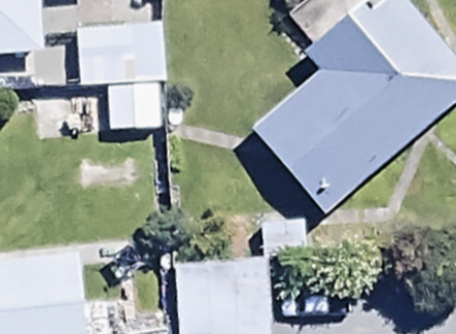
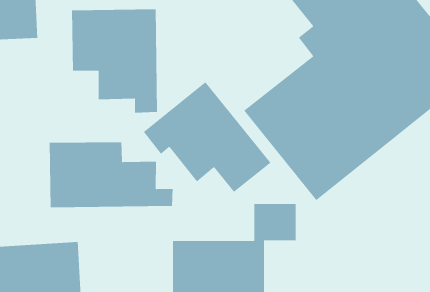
building: none -> [143,81,271,193]
building: none -> [49,142,174,208]

